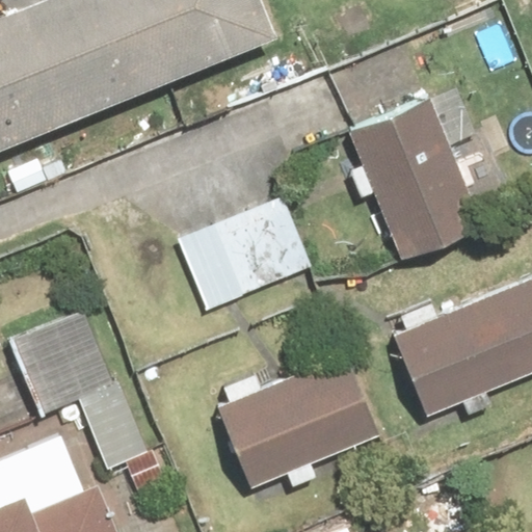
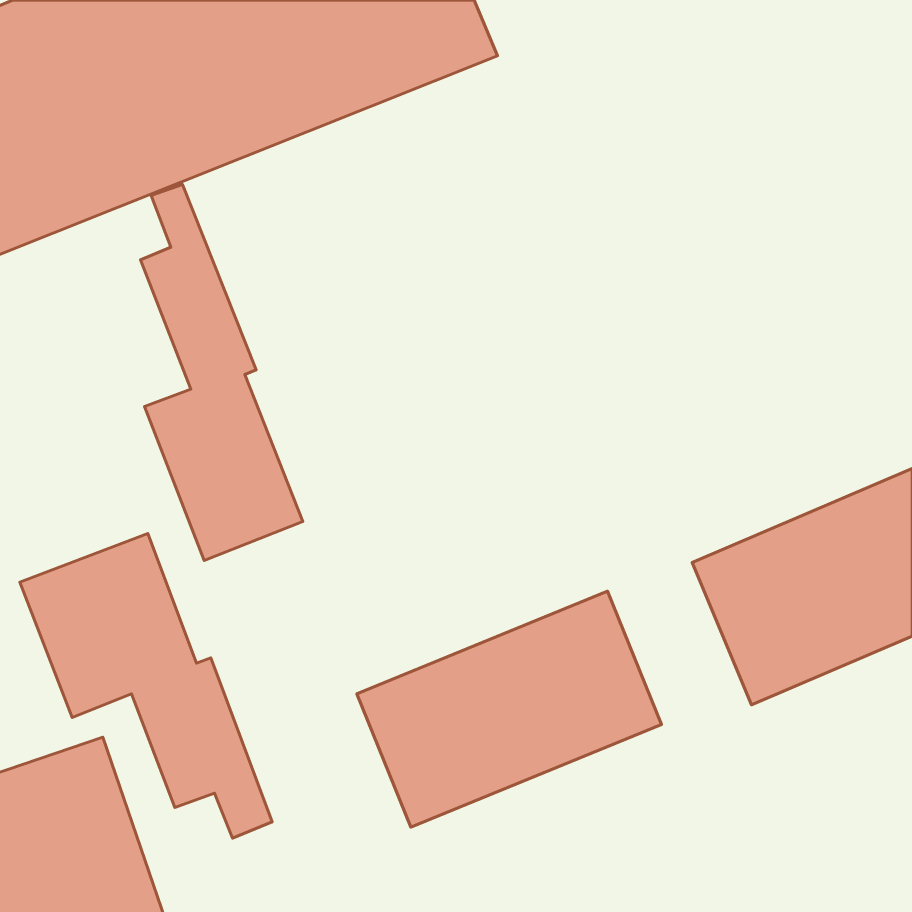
building: [342,82,502,260] -> none
building: none -> [141,184,303,561]
building: [177,198,312,329] -> none

